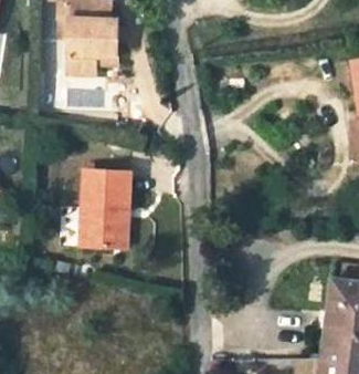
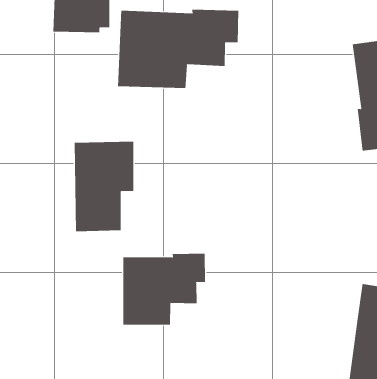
building: none -> [117,9,239,89]
building: none -> [123,253,205,326]

